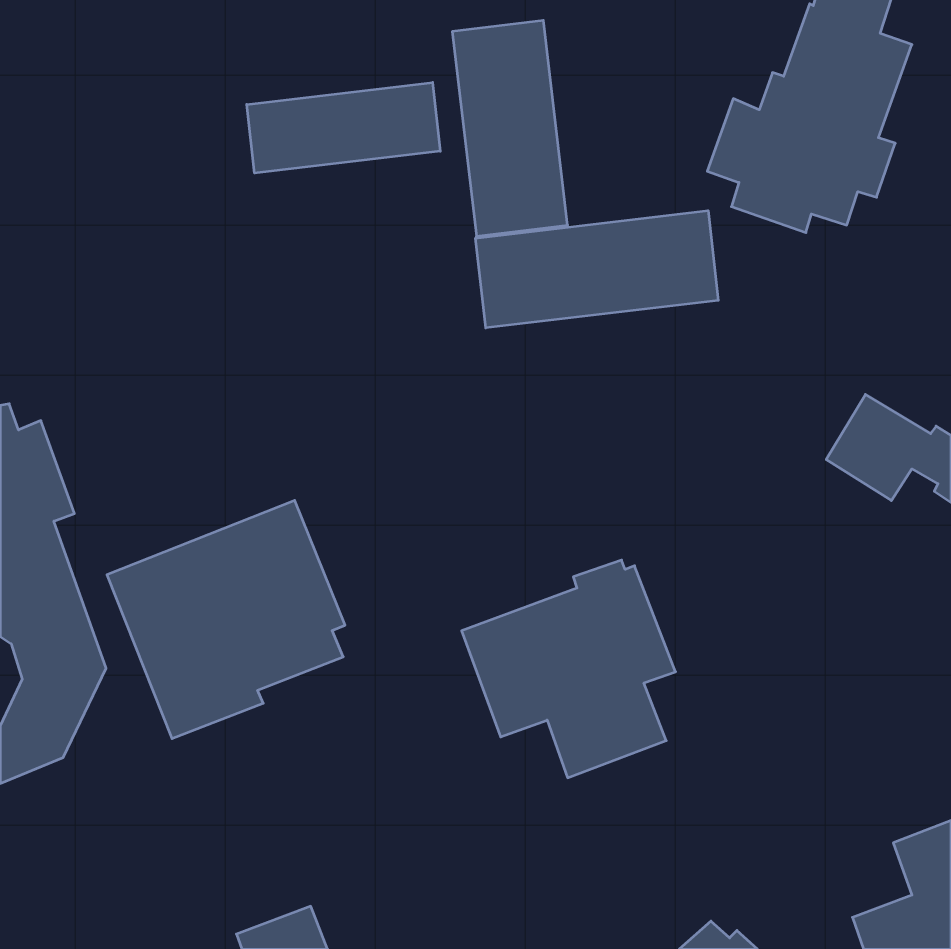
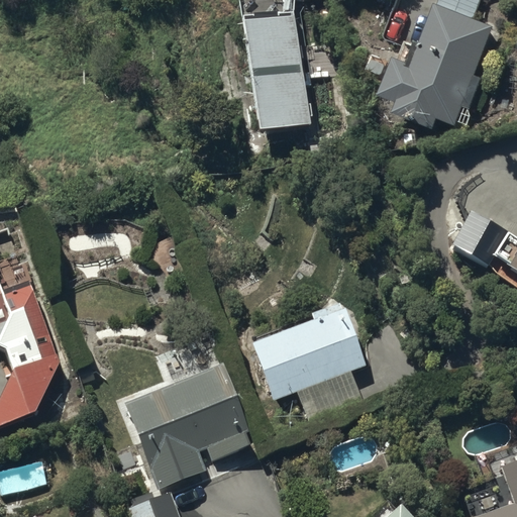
building: [247,82,440,173] -> none
building: [476,211,718,328] -> none
building: [107,500,345,739] -> [121,360,250,490]

